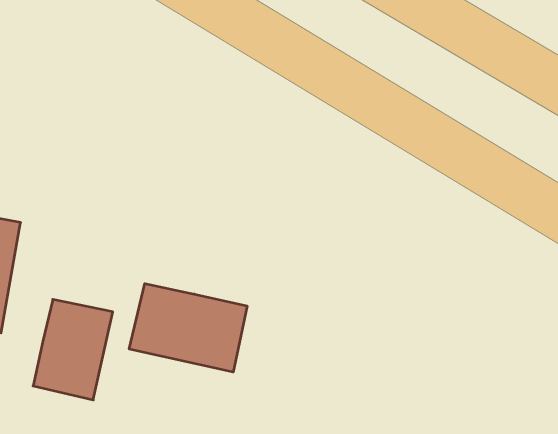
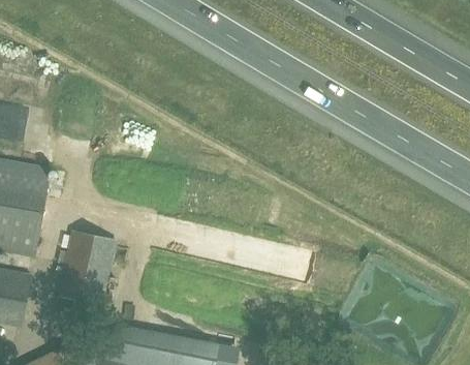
building: [129,284,247,372] -> none

